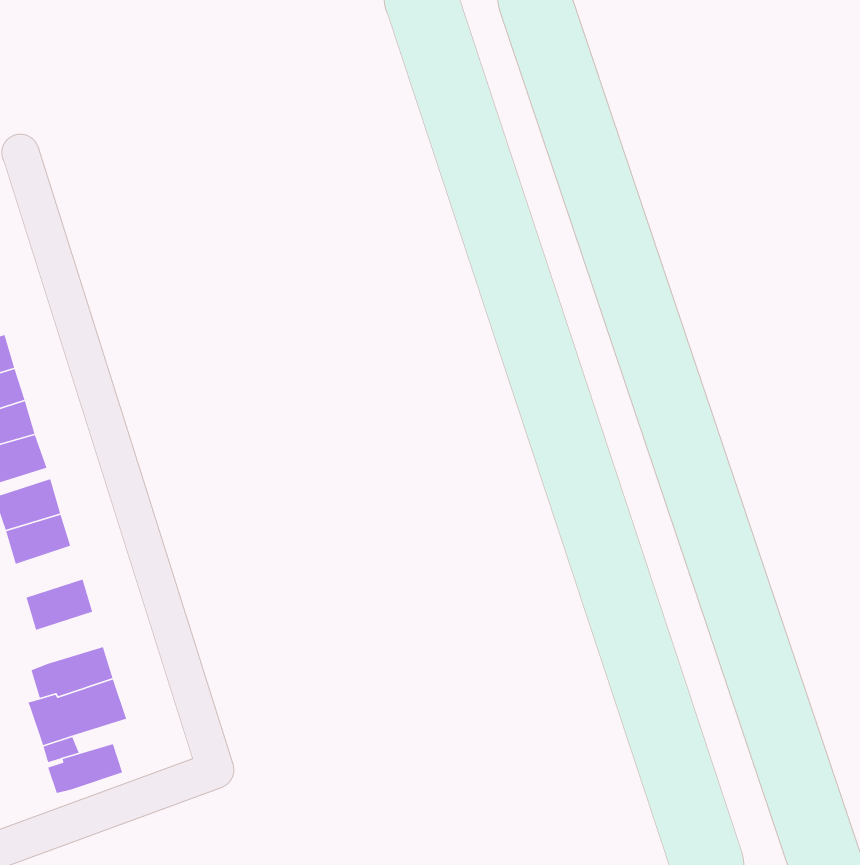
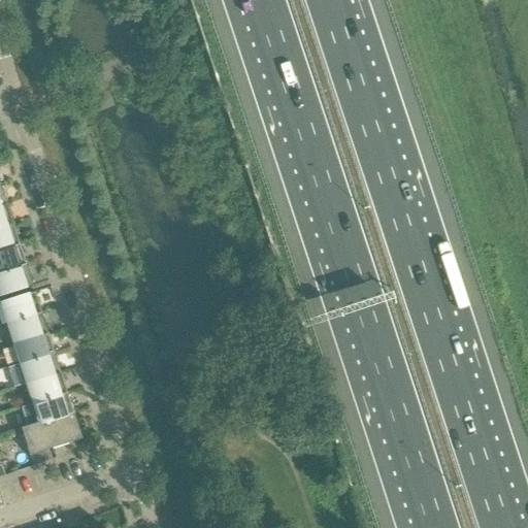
building: none -> [9,332,51,363]
building: none -> [22,372,63,403]
building: [47,743,123,794] -> none

